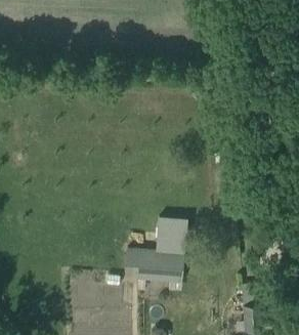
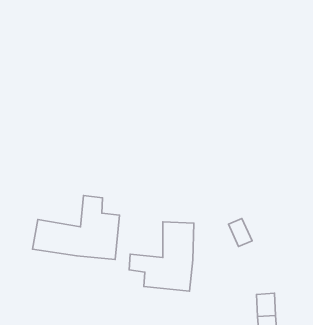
building: none -> [32,196,119,259]

